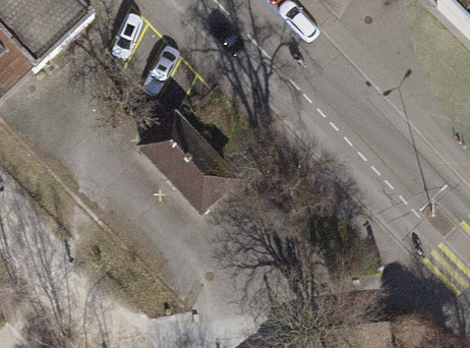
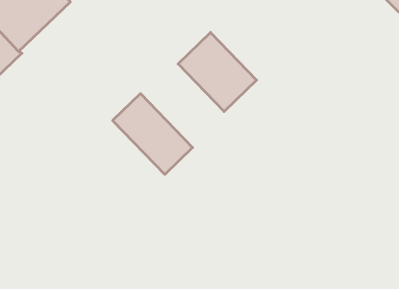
building: none -> [178,32,257,112]

